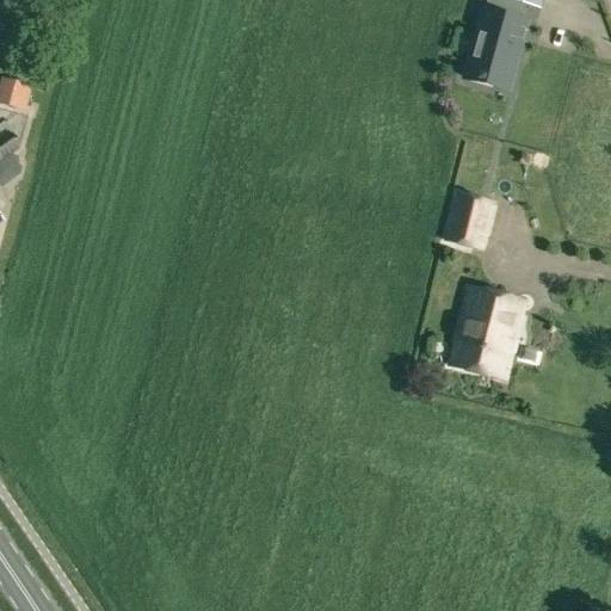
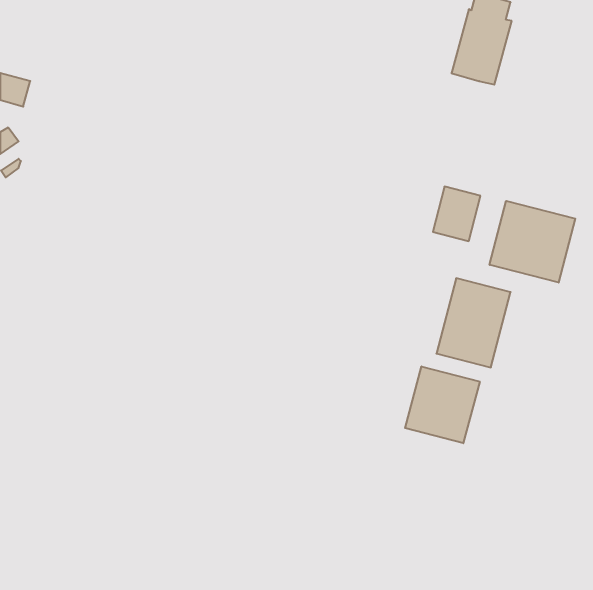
building: none -> [490,201,575,283]
building: none -> [405,366,480,443]

